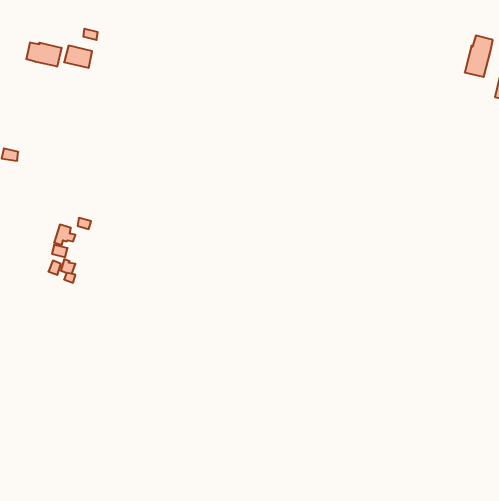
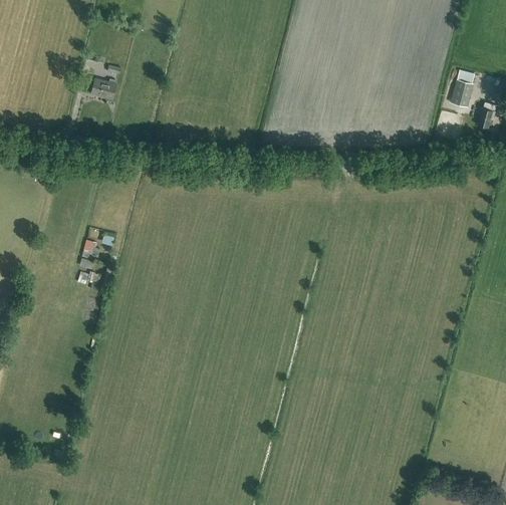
building: [26,42,62,67] -> none

